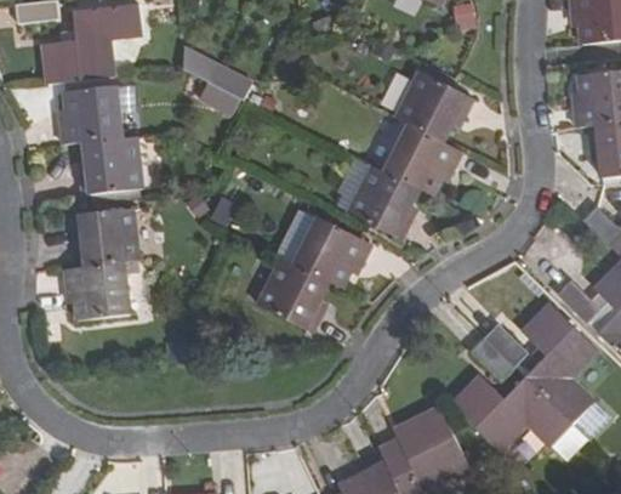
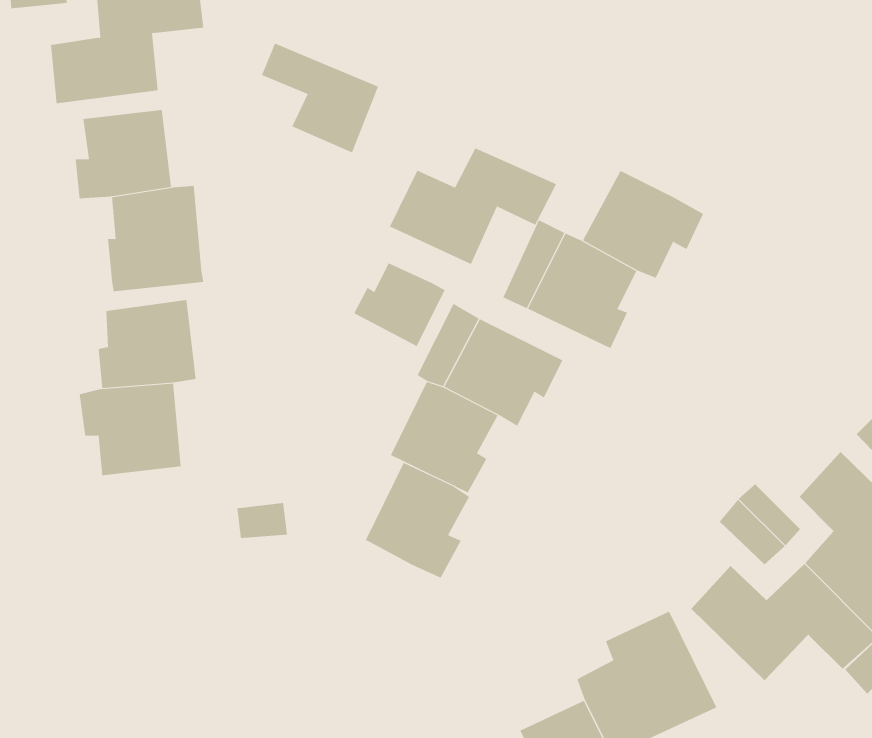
building: [398,72,472,142] -> none
building: none -> [389,147,557,265]
building: none -> [353,263,446,347]
building: none -> [365,462,470,579]

